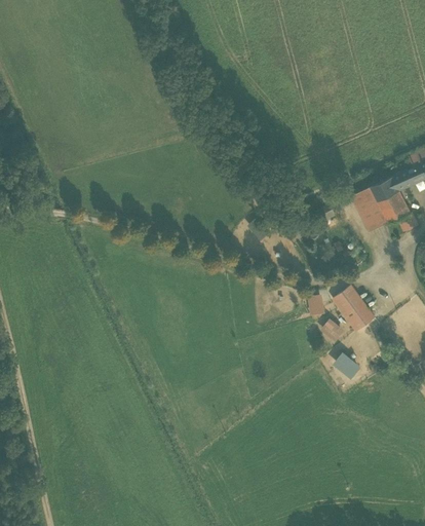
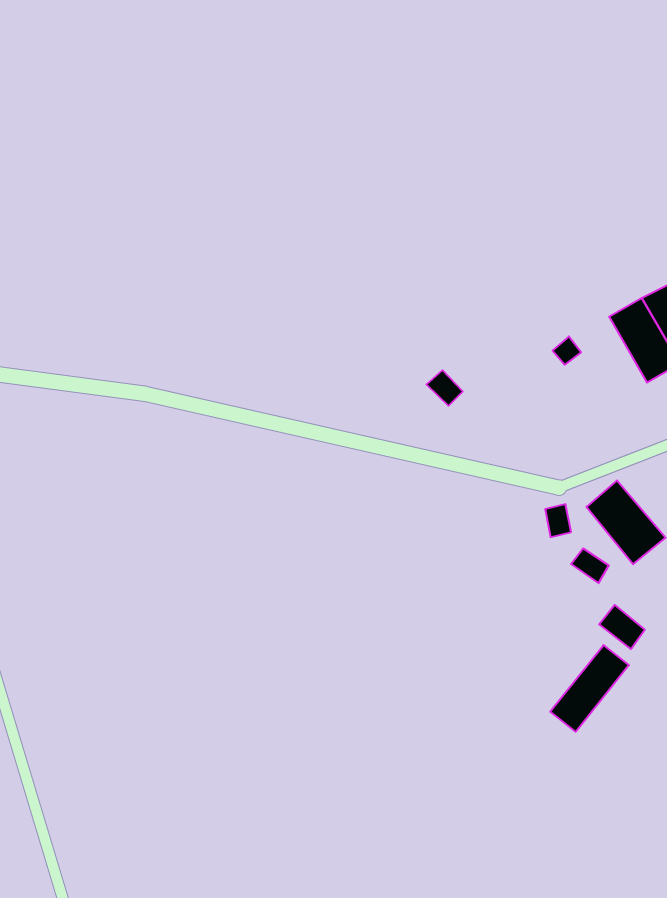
building: none -> [550,645,629,732]

